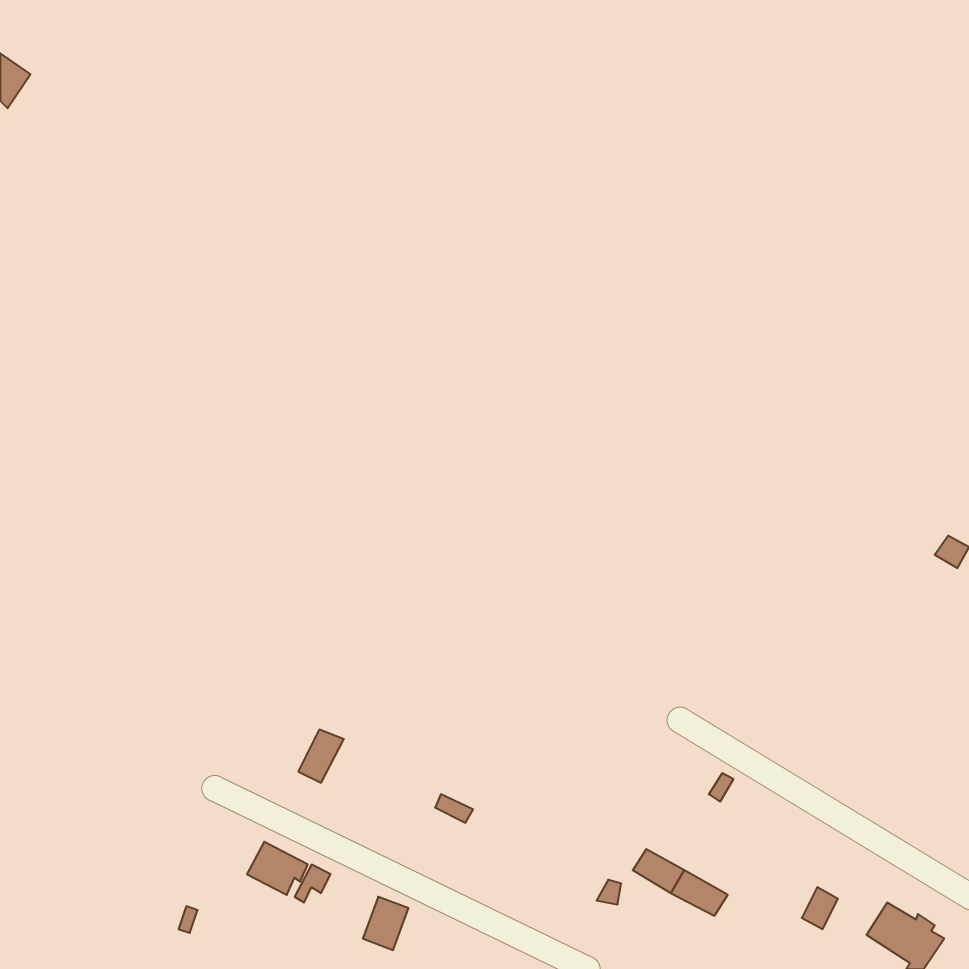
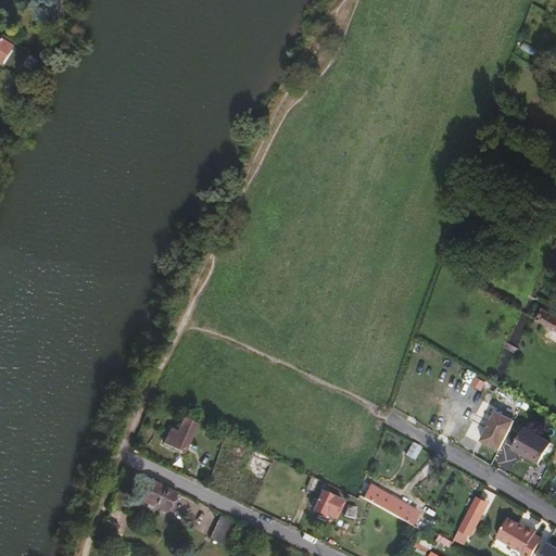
building: none -> [481,408,515,447]
building: none -> [513,426,551,462]
building: none -> [312,490,342,517]

